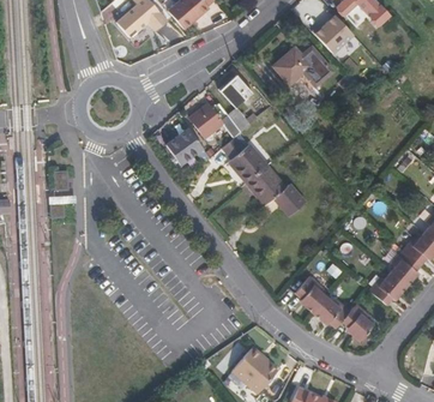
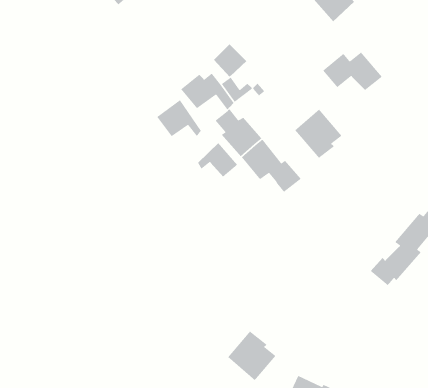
building: [273,47,331,84] -> [322,52,383,91]
building: none -> [294,108,343,159]
building: none -> [197,142,238,178]
building: [294,276,374,341] -> none

